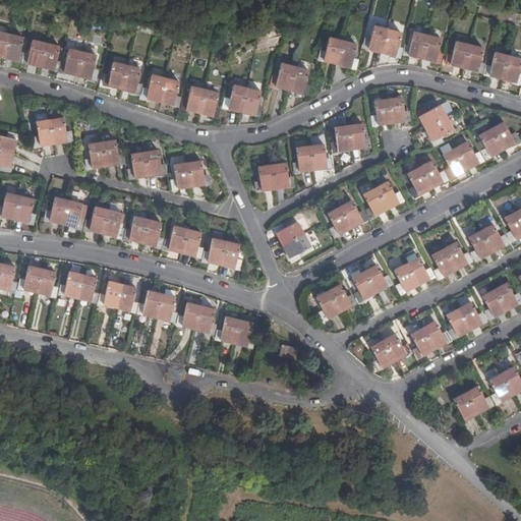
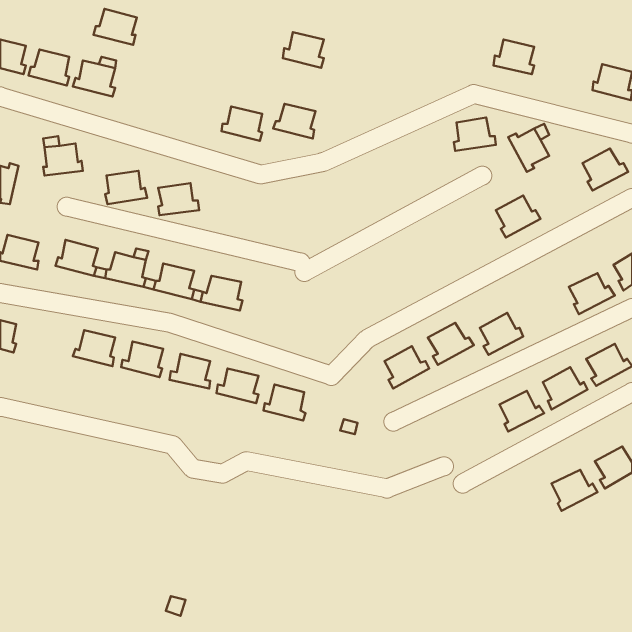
building: [366,26,399,55] -> none
building: [322,38,355,67] -> none
building: [449,42,482,70] -> none
building: [104,63,139,93] -> [93,9,137,45]
building: [273,64,306,94] -> [283,32,324,68]
building: [143,76,178,105] -> none
building: [334,123,367,151] -> none
building: [444,142,480,176] -> none
building: [295,144,328,171] -> none
building: [173,161,207,187] -> none
building: [257,163,291,190] -> none
building: [364,182,401,216] -> none
building: [328,200,364,235] -> none
building: [276,222,309,259] -> none
building: [204,239,238,268] -> none
building: [432,242,469,277] -> none
building: [20,266,54,295] -> none
building: [371,334,408,368] -> none

